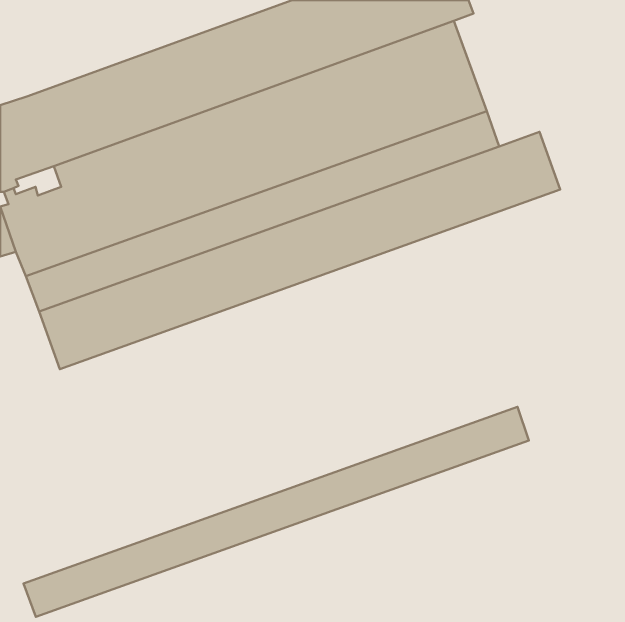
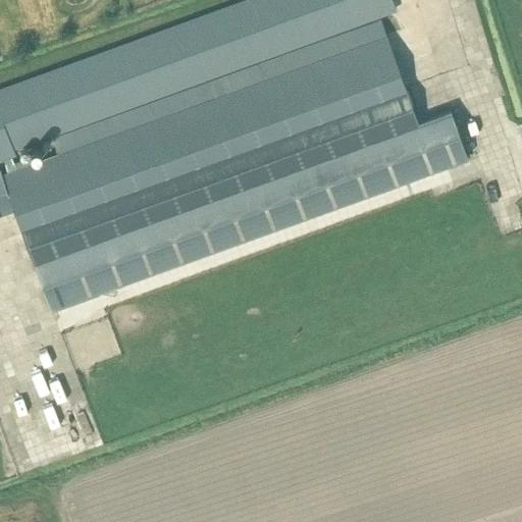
building: [23,407,529,617] -> none

